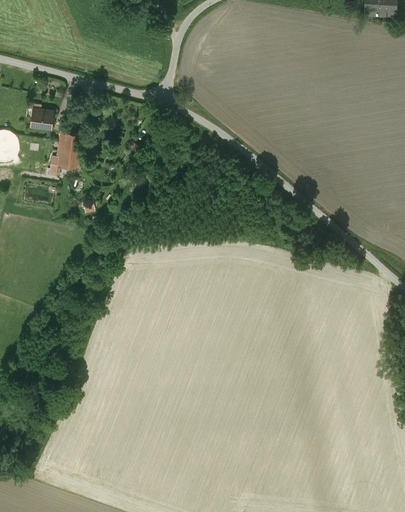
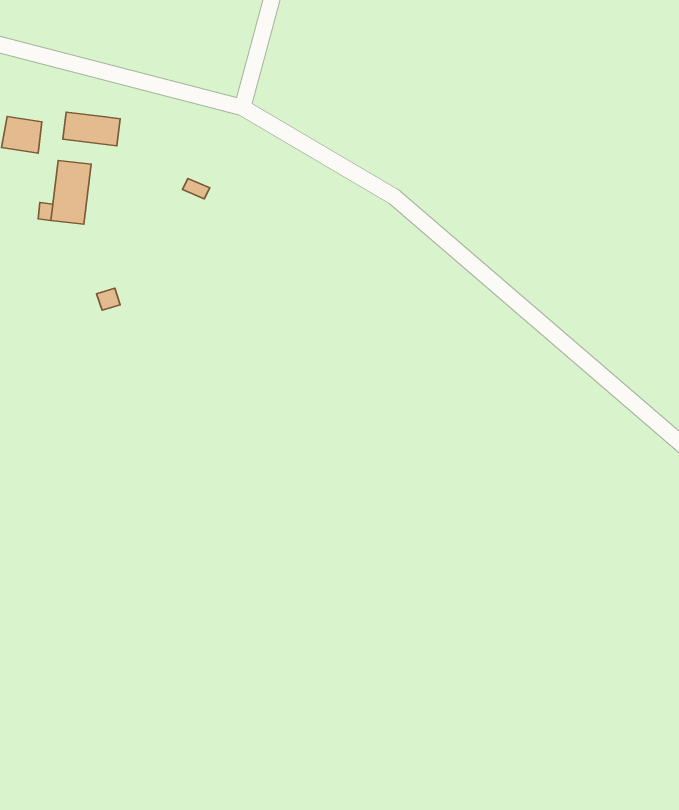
building: none -> [63,112,120,146]

